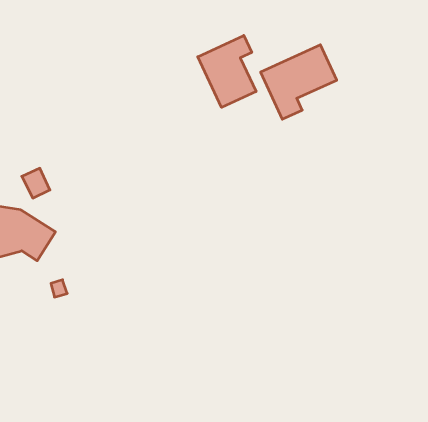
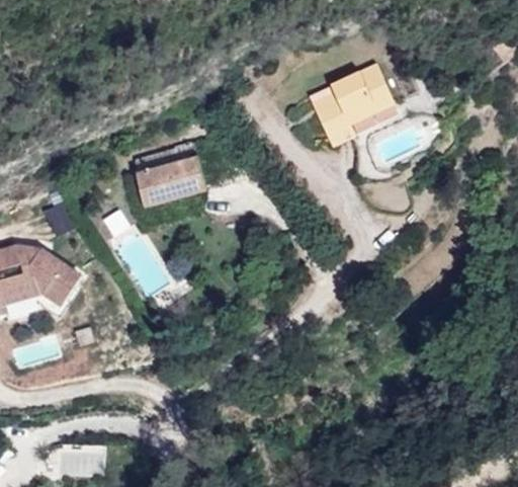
building: [198,35,256,107] -> none
building: none -> [132,143,206,209]

